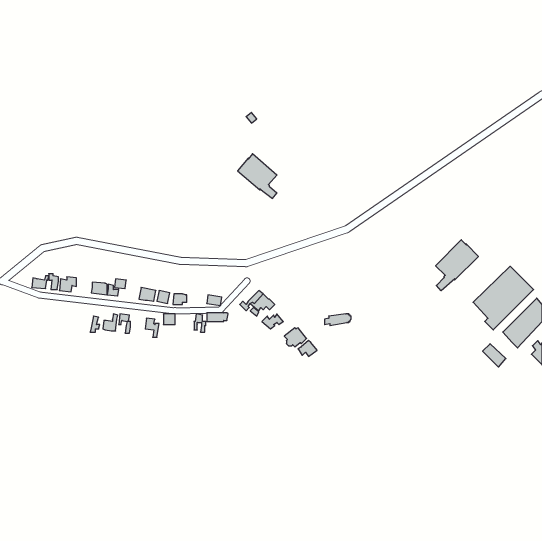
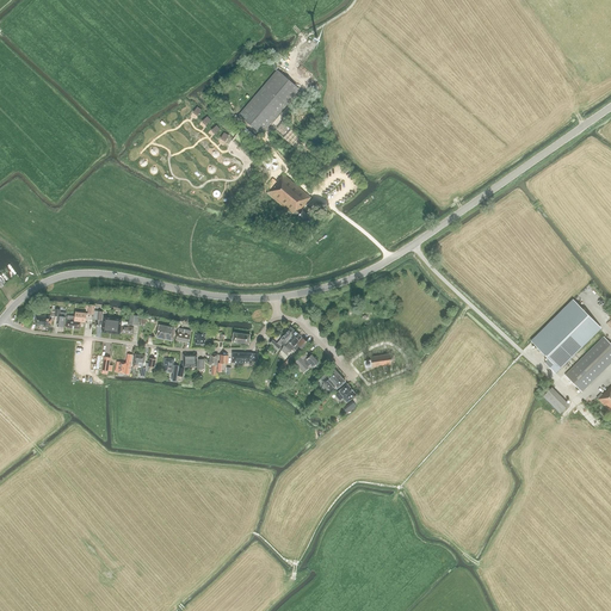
building: none -> [239,69,300,134]
building: [436,240,478,291] -> none

